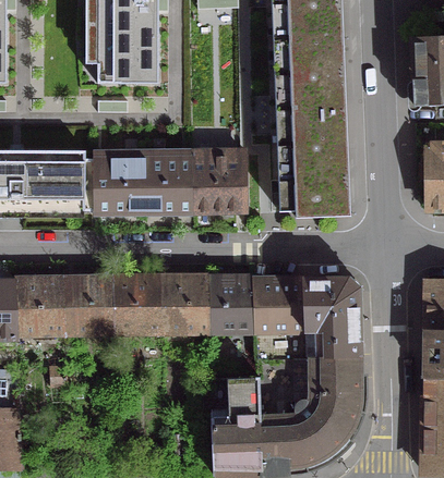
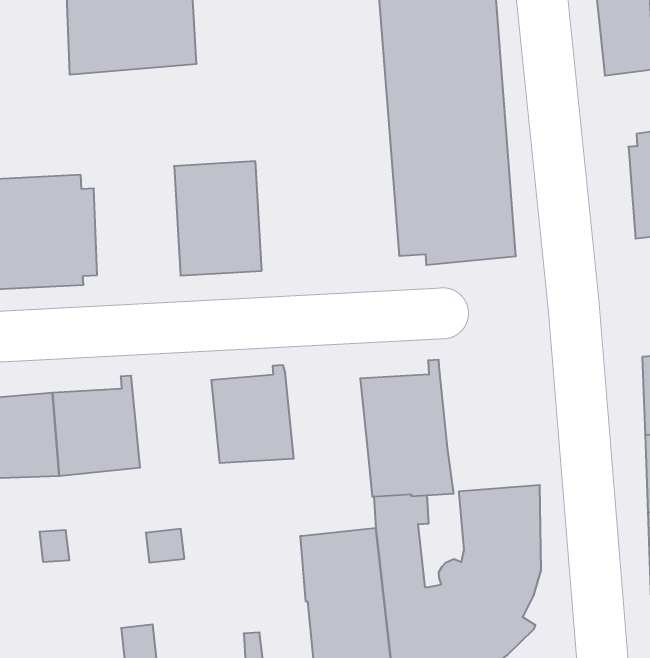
building: [93,147,144,216] -> none
building: [194,147,249,215] -> none
building: [110,274,161,331] -> none
building: [205,278,253,331] -> none
building: [300,279,358,358] -> none

